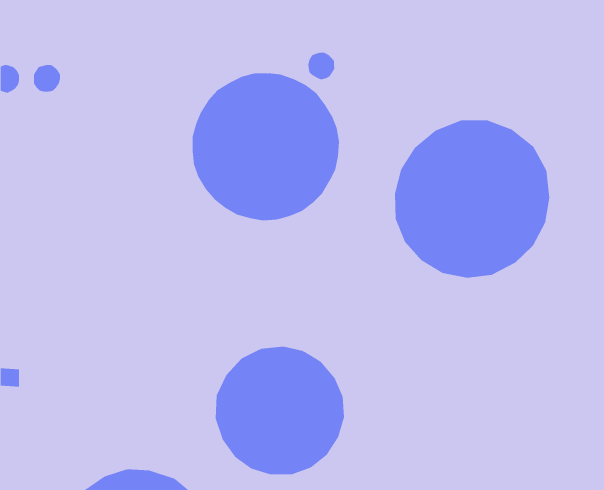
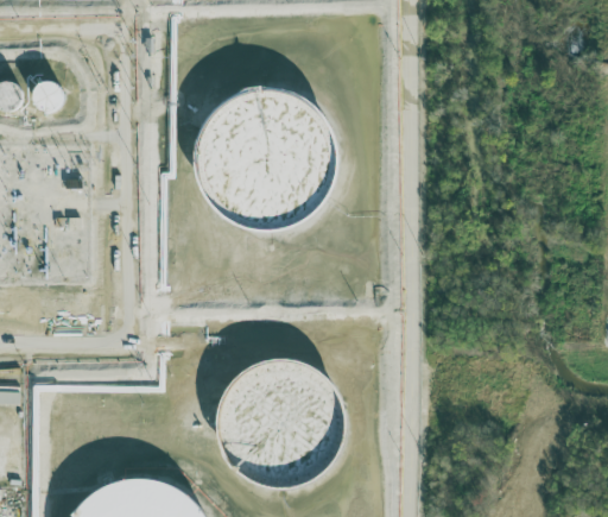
building: [308,52,335,80] -> none
building: [394,119,550,278] -> none

